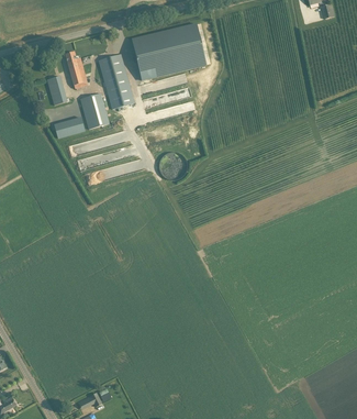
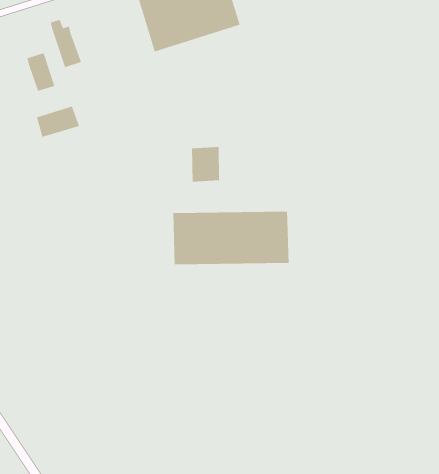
building: [98,54,133,109] -> none
building: [79,92,108,129] -> none
building: none -> [173,211,289,265]

